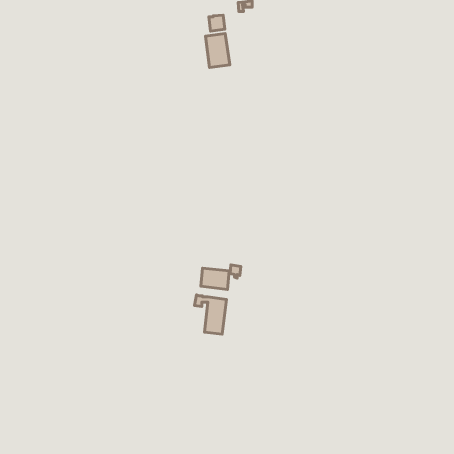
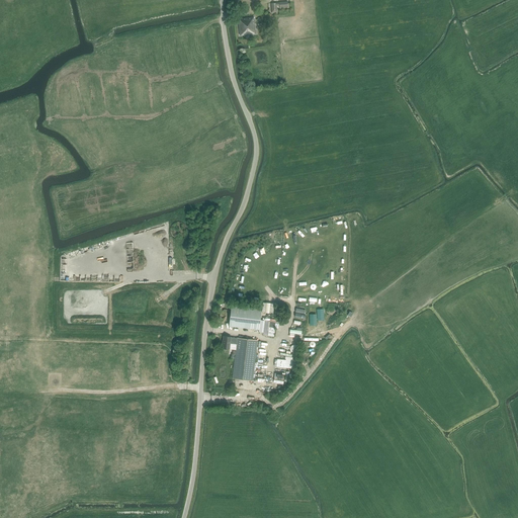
building: [206,34,230,67] -> none

